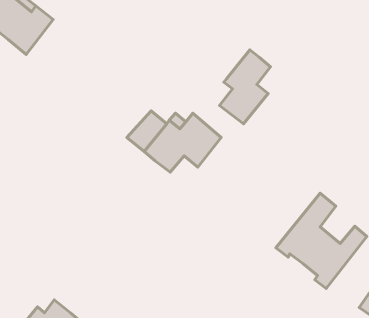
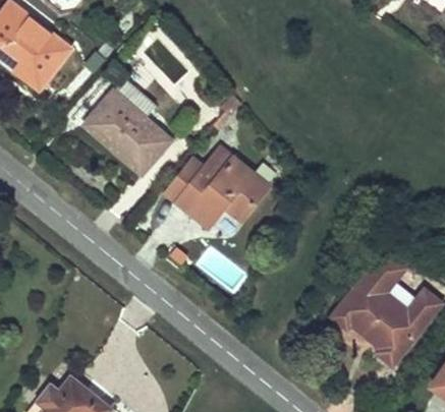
building: [219,50,271,124] -> none
building: none -> [85,91,171,174]

